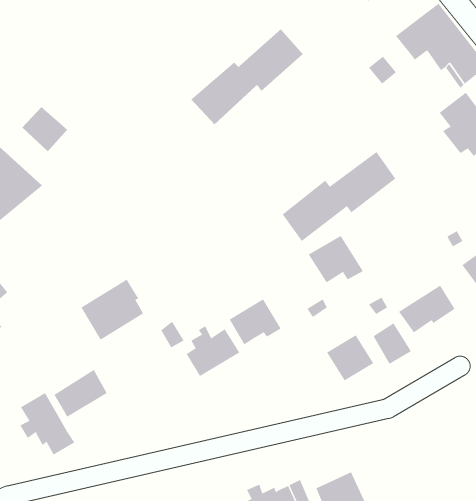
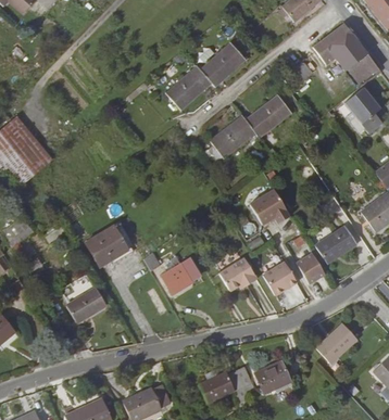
building: [21,106,68,152] -> none
building: [282,151,396,242] -> [210,93,292,158]
building: [229,298,281,345] -> [219,257,258,291]
building: [20,392,75,455] -> none
building: none -> [316,322,357,364]

